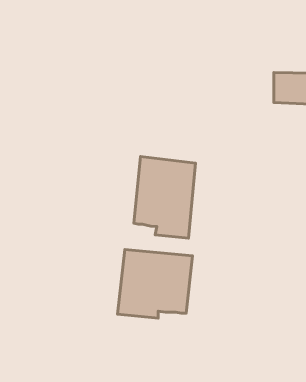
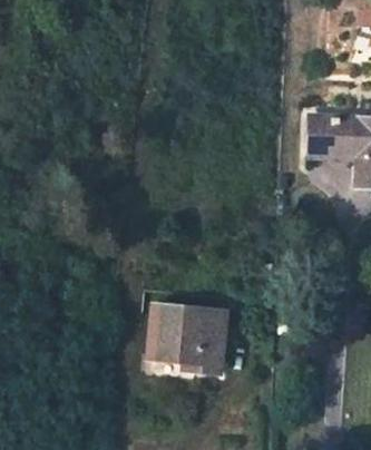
building: [134,157,196,238] -> none

